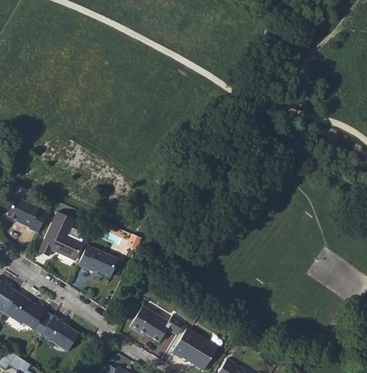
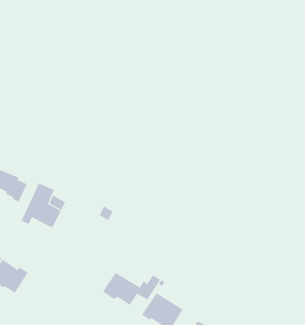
building: [79,243,120,277] -> none
building: [37,315,78,355] -> none

